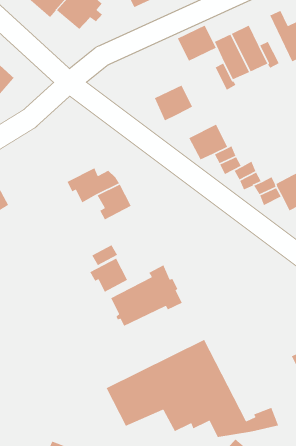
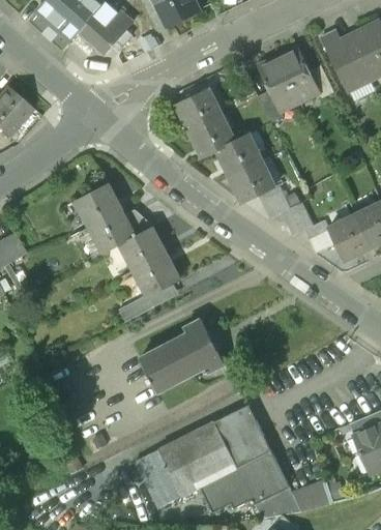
building: [177,25,217,62] -> [177,88,223,130]
building: none -> [217,134,262,176]
building: none -> [83,183,123,226]
building: [89,257,128,293] -> [135,254,179,294]

